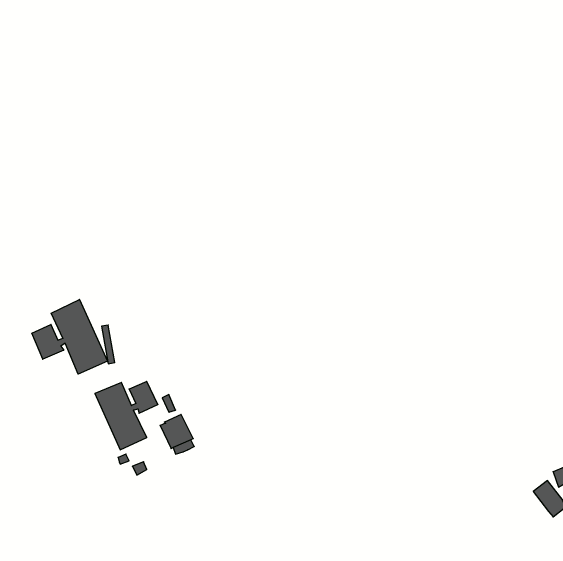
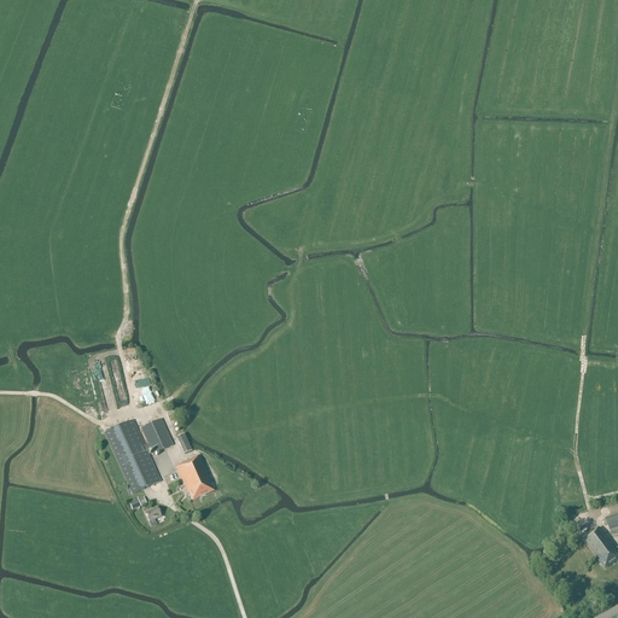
building: [32,299,107,374] -> none

